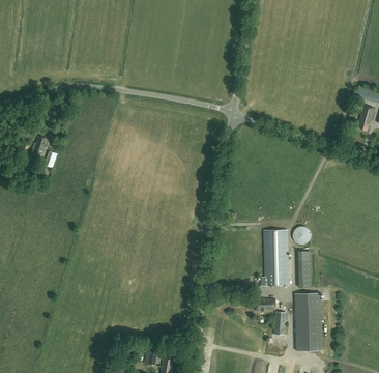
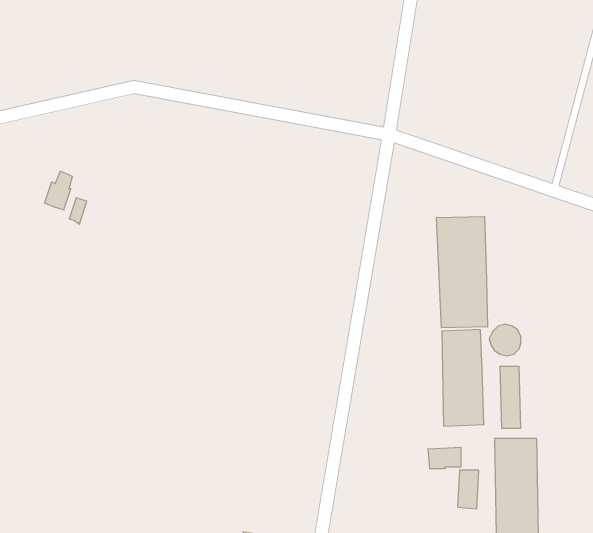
building: none -> [437,216,488,328]

